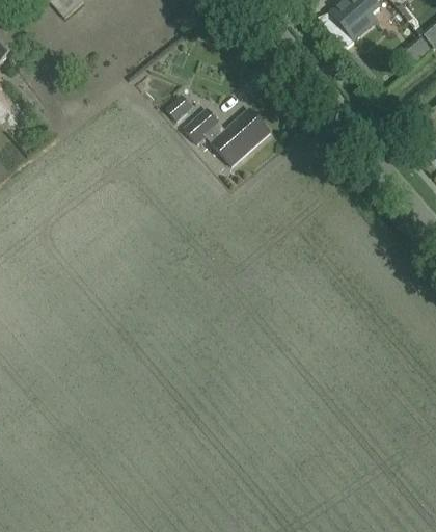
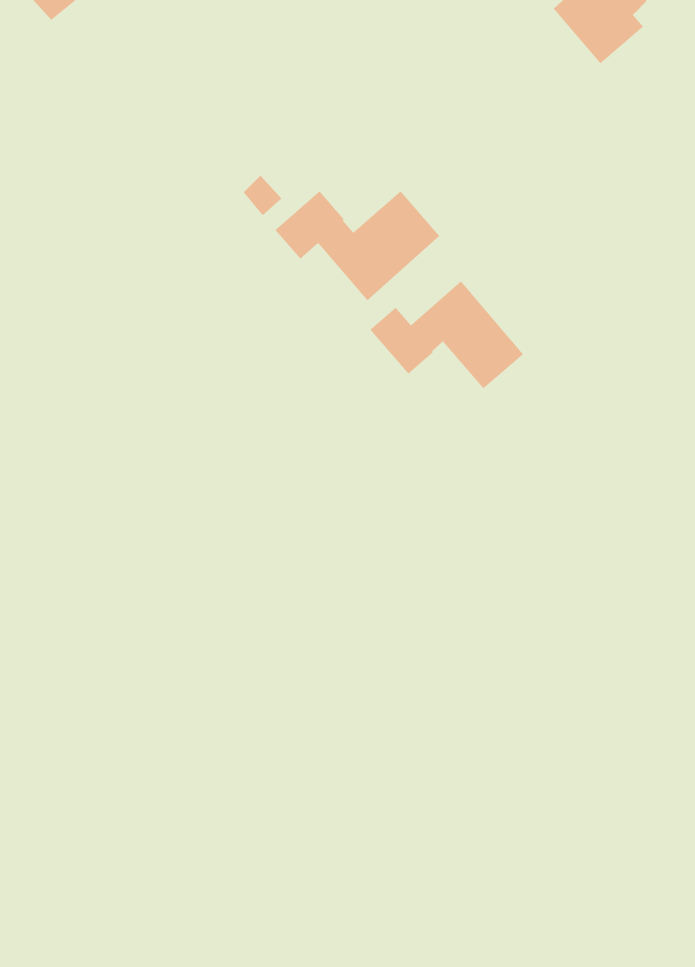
building: none -> [370,281,524,389]

